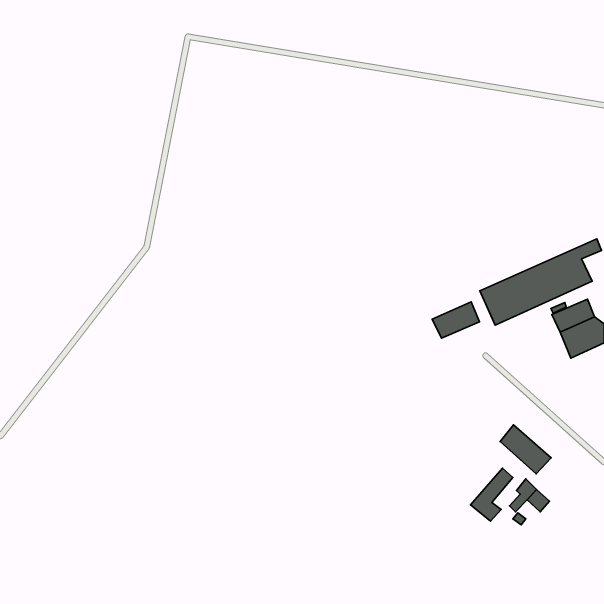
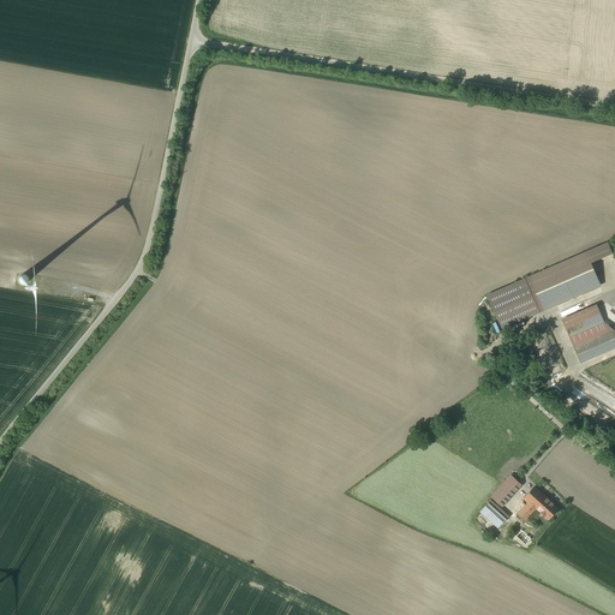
building: [432,302,479,338] -> none
building: [500,425,551,474] -> none

